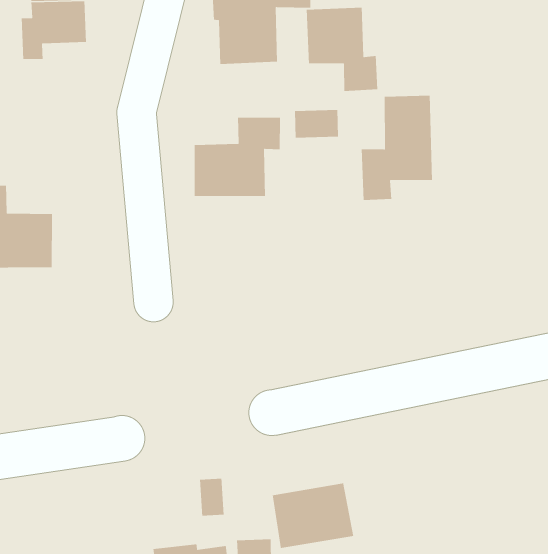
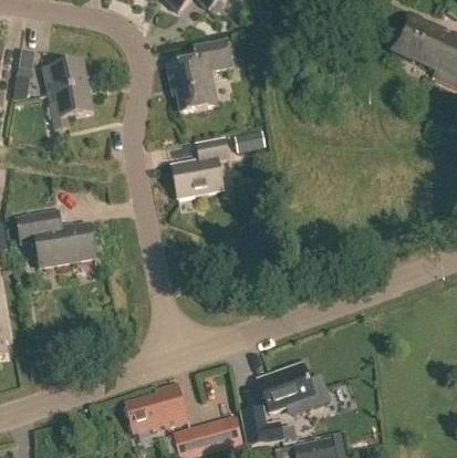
building: [306,7,378,92] -> none
building: [361,95,433,201] -> none
building: none -> [124,383,187,433]

